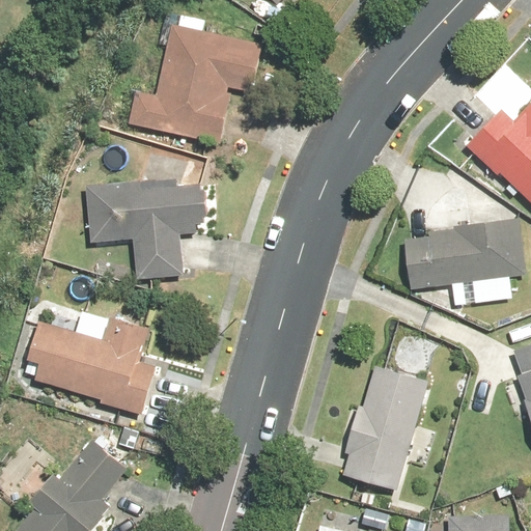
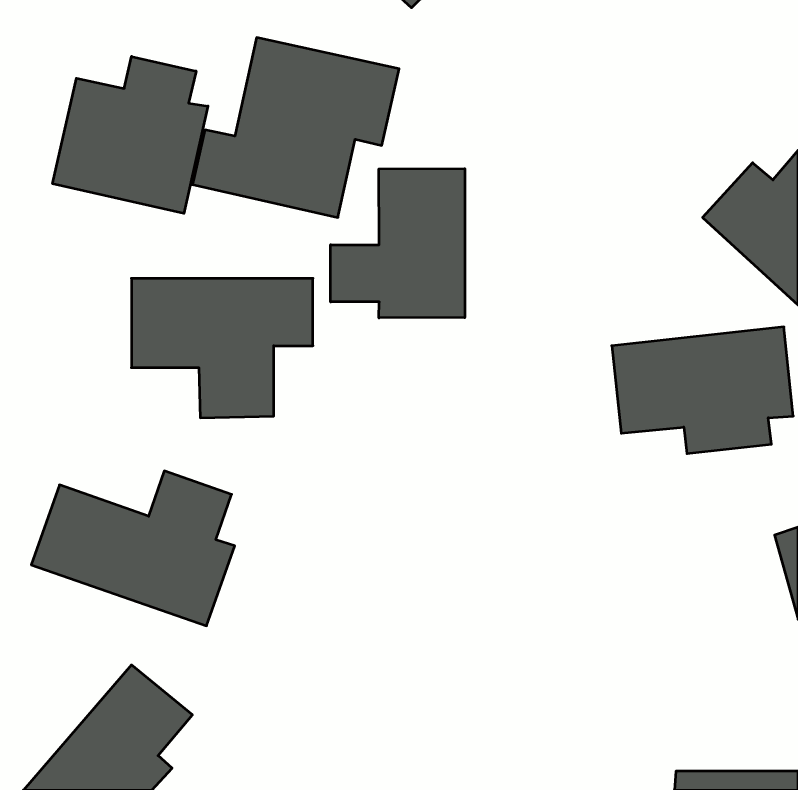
building: none -> [53,56,208,213]
building: none -> [331,169,465,318]
building: [337,361,431,493] -> none

